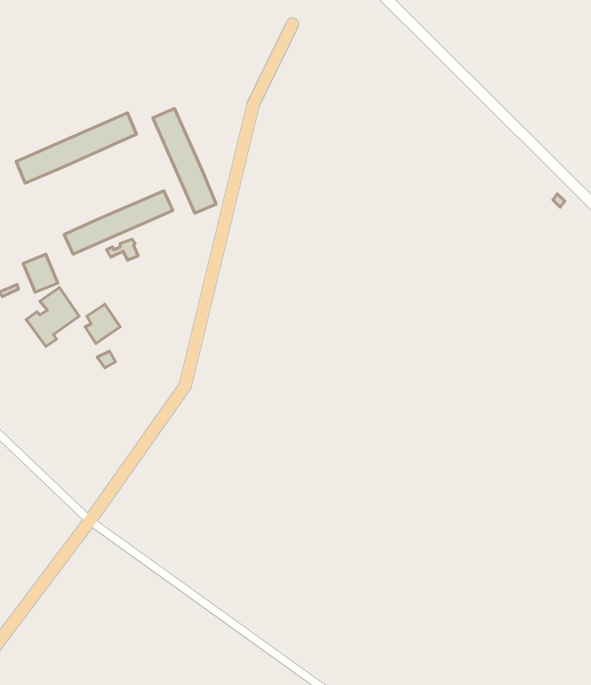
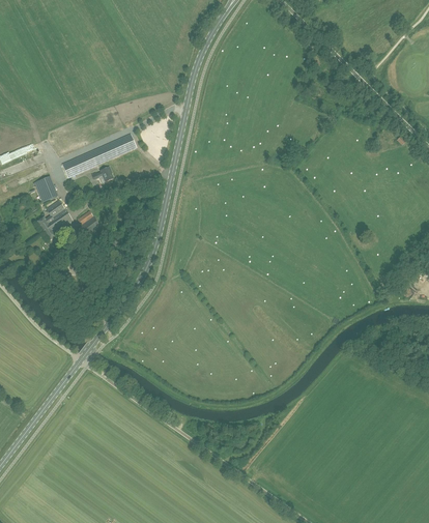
building: [153,109,216,213] -> none
building: [16,113,136,183] -> none

